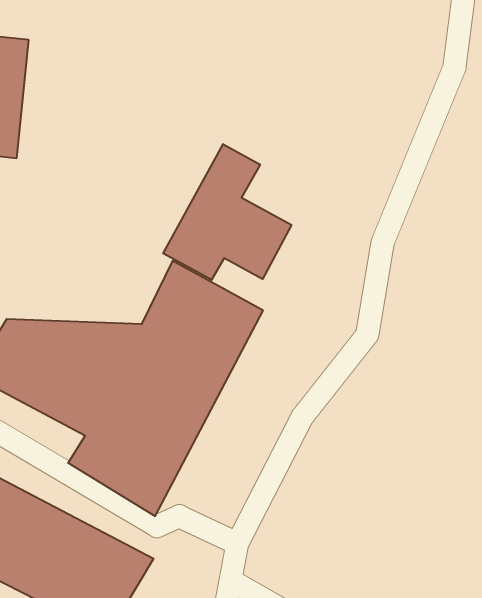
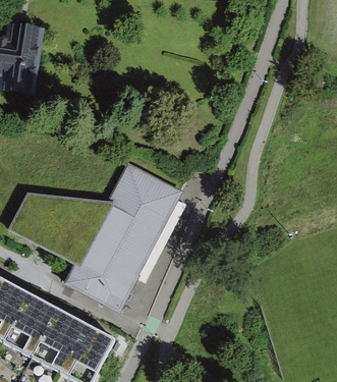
building: [163,144,291,280] -> none

